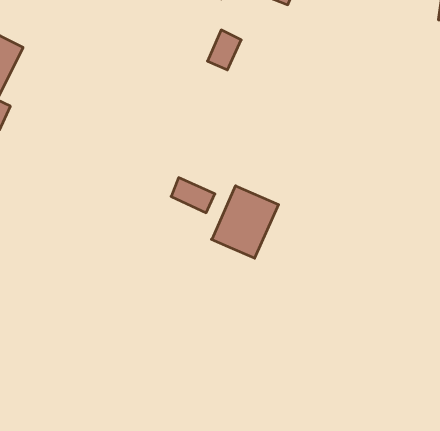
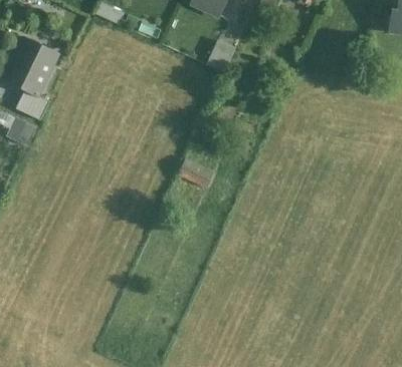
building: [211,186,279,258] -> none

